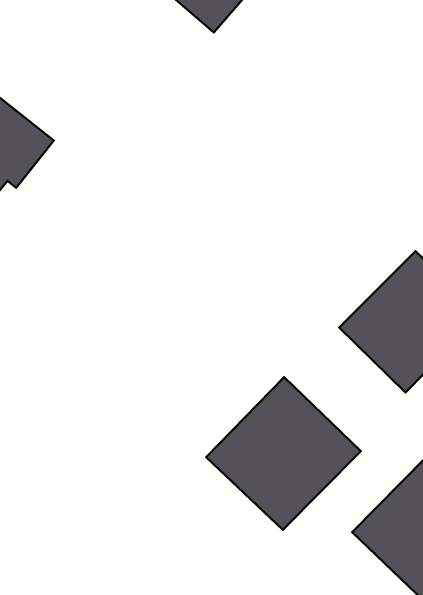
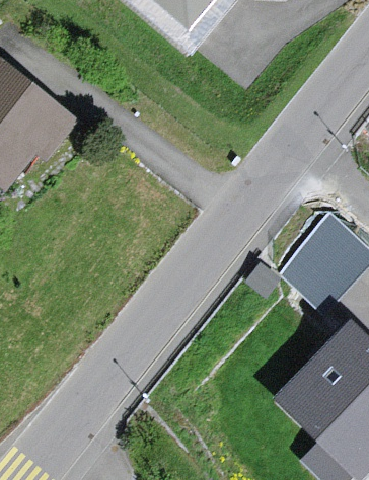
building: [206,377,361,530] -> none

